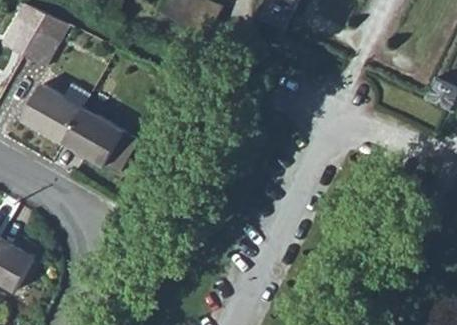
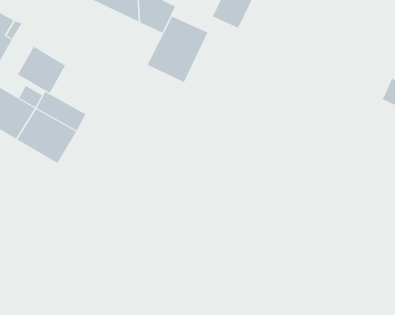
building: none -> [147,16,208,83]
building: none -> [17,46,66,94]

